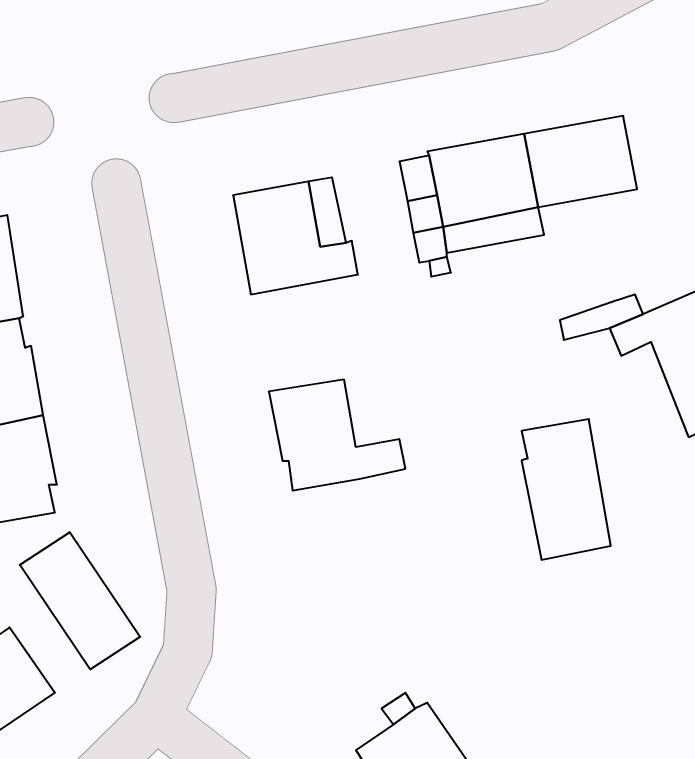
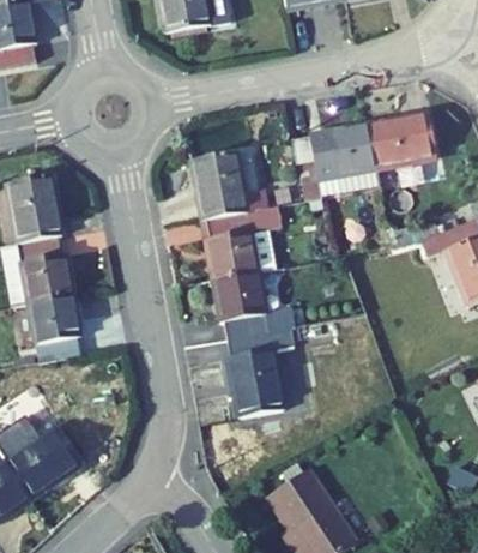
building: none -> [201,205,280,278]
building: [522,419,611,560] -> [226,331,280,416]
building: [20,532,140,669] -> none

